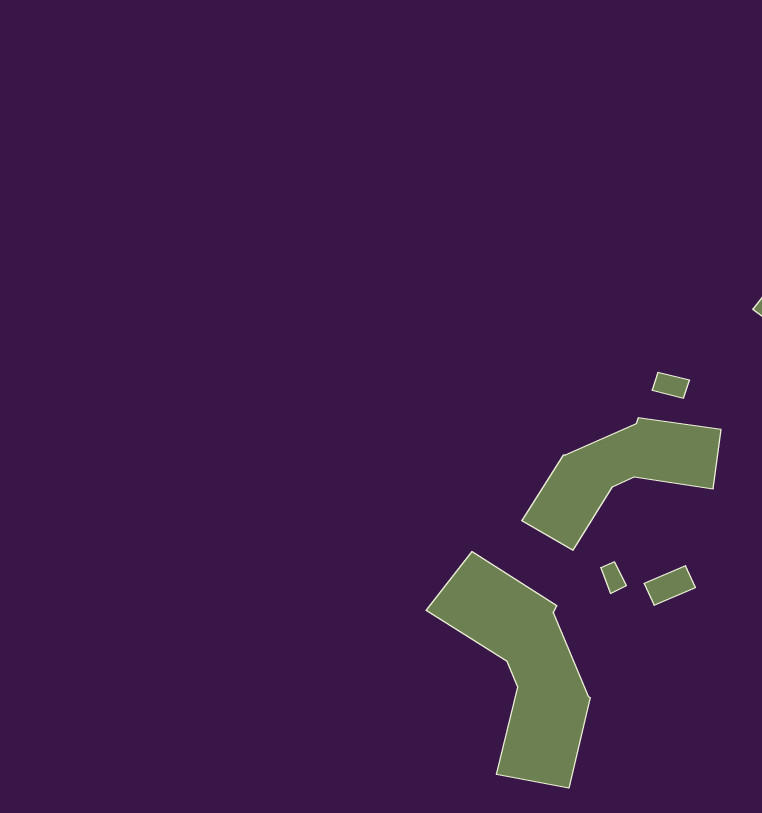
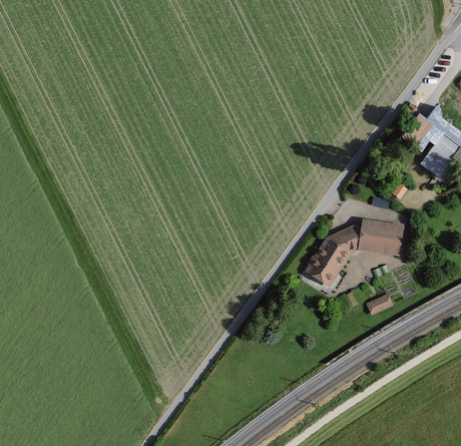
building: [426,552,590,788] -> none

